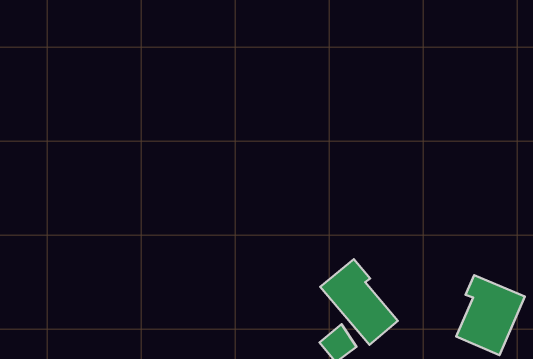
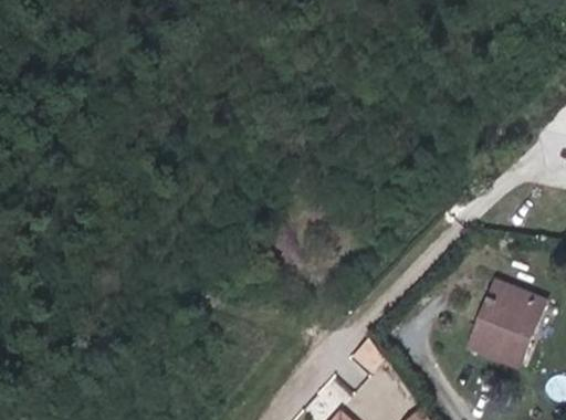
building: [320,259,398,345] -> none

